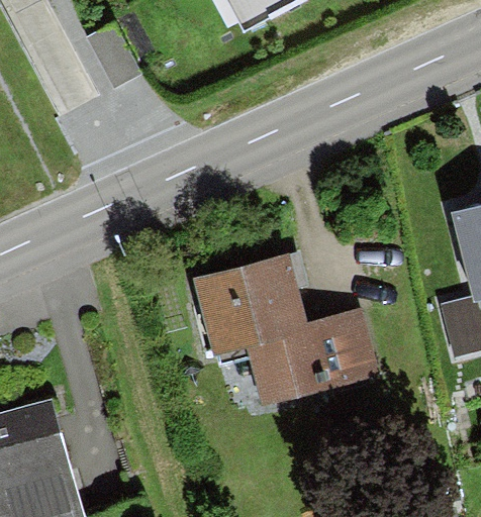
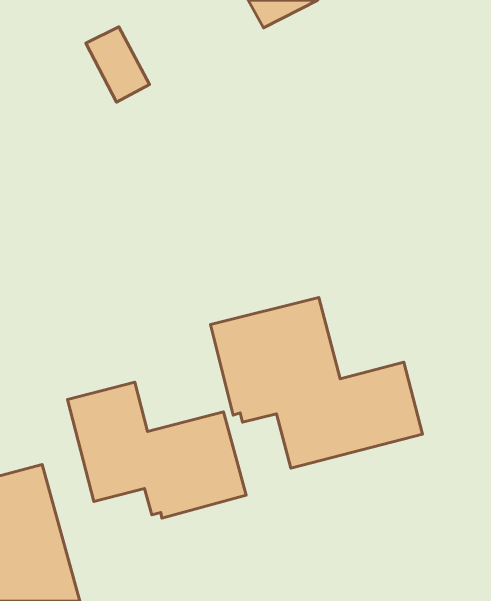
building: none -> [68,382,246,518]

